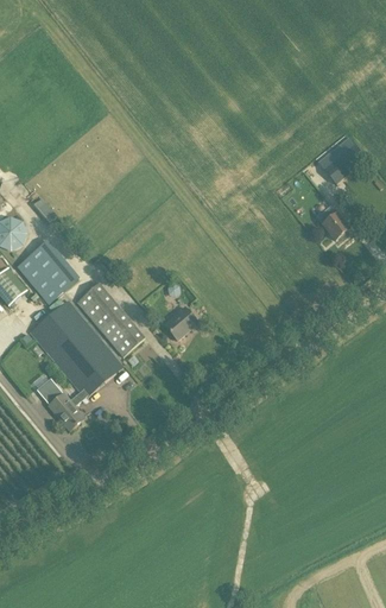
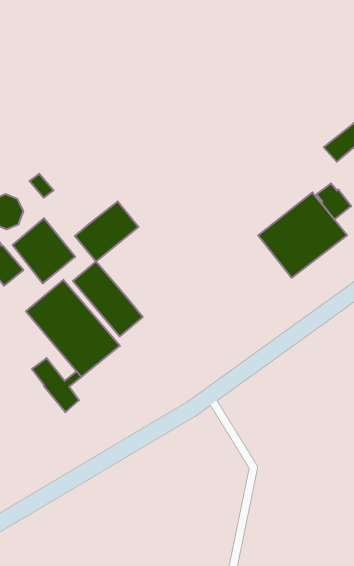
building: none -> [258,192,347,278]
building: none -> [75,201,139,262]
building: [164,306,197,340] -> none

